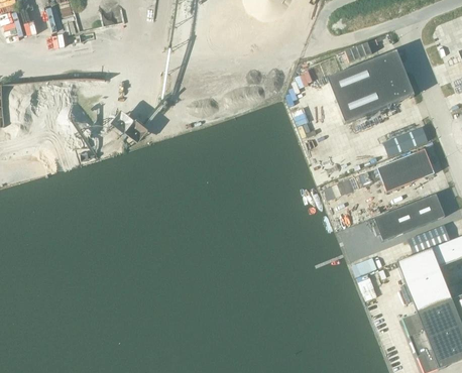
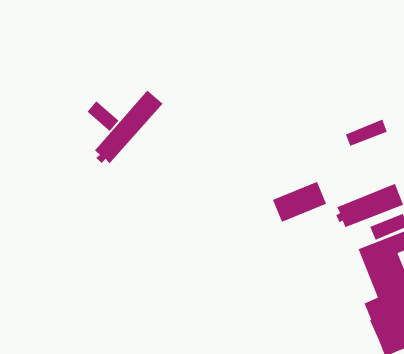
building: [327,49,415,122] -> none
building: none -> [94,89,164,164]
building: [377,148,435,192] -> [272,181,327,223]

